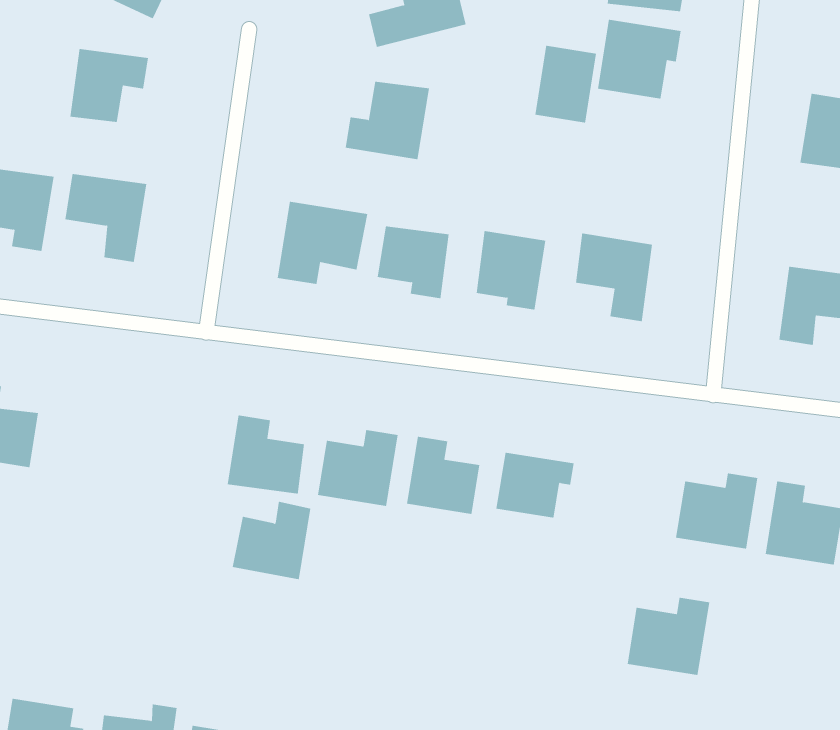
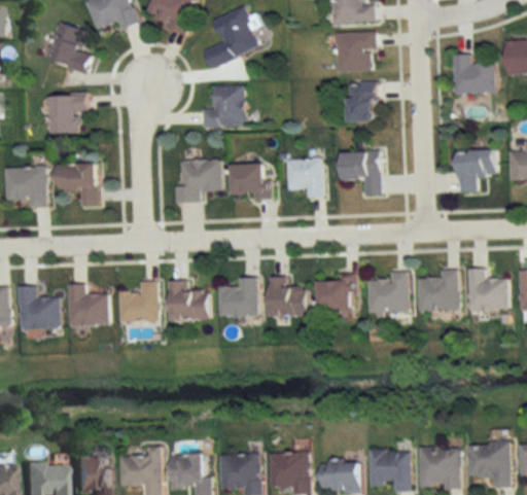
building: [534,45,597,123] -> [346,82,375,121]
building: none -> [67,285,106,326]
building: [232,501,311,580] -> [118,281,156,322]
building: [627,597,710,676] -> [366,271,407,312]

